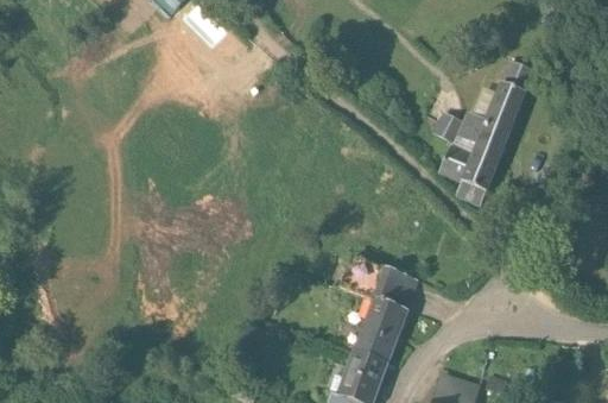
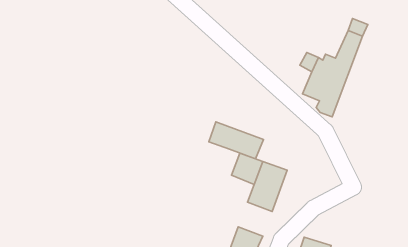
building: none -> [209,122,263,159]
building: [349,325,397,372] -> none

